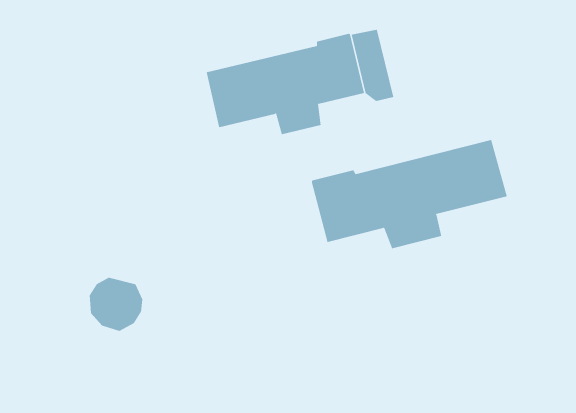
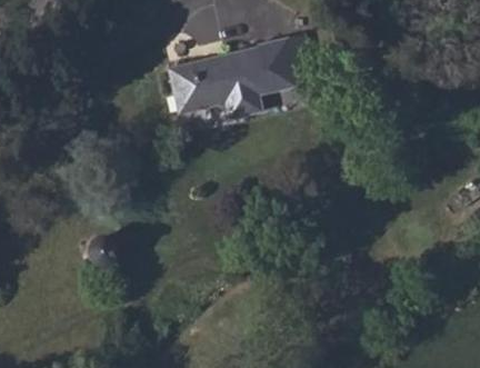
building: [311,139,507,249] -> none

